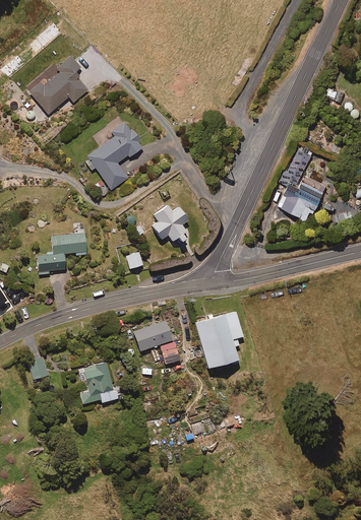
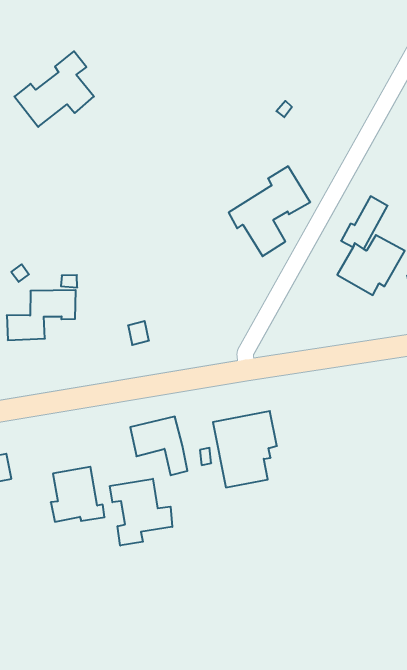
building: [83,122,143,190] -> [229,166,310,256]
building: [151,205,187,245] -> none
building: none -> [110,479,172,546]

